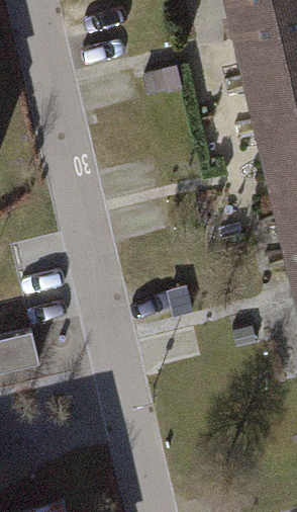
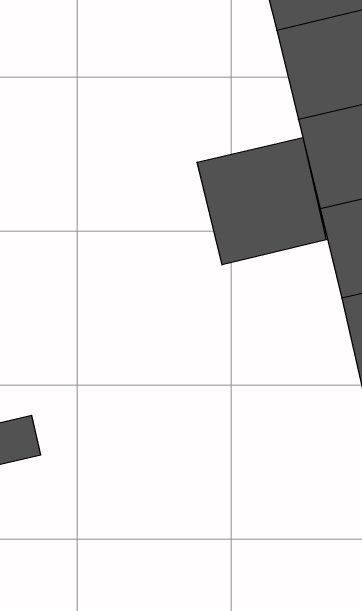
building: none -> [197,138,326,265]

